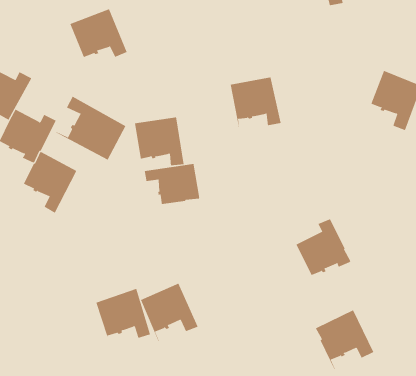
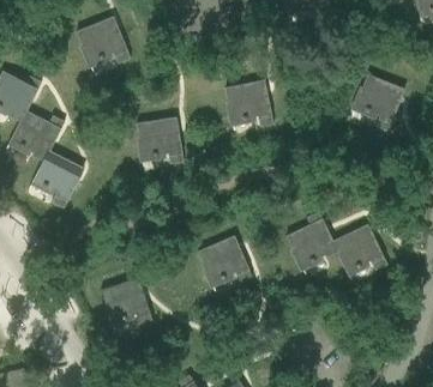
building: [54,96,126,161] -> none
building: [144,163,200,205] -> none
building: [140,283,198,342] -> [197,237,251,292]
building: [315,310,374,370] -> [331,225,386,282]

